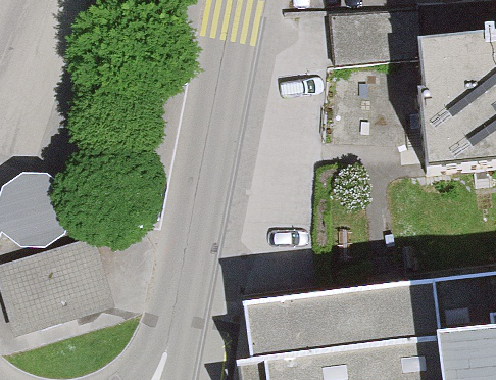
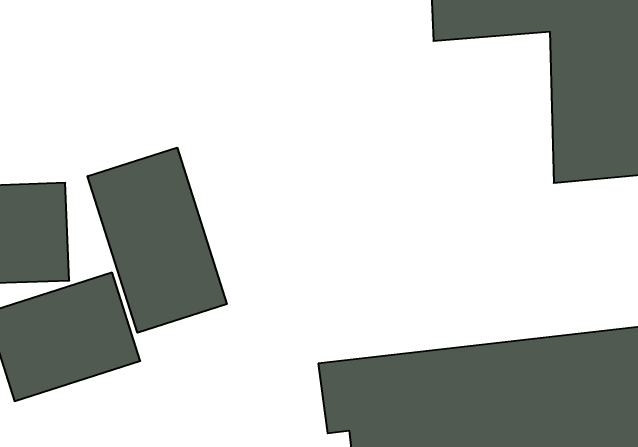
building: none -> [88,148,227,333]

